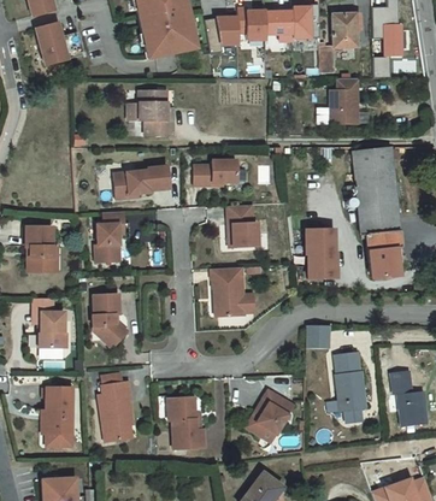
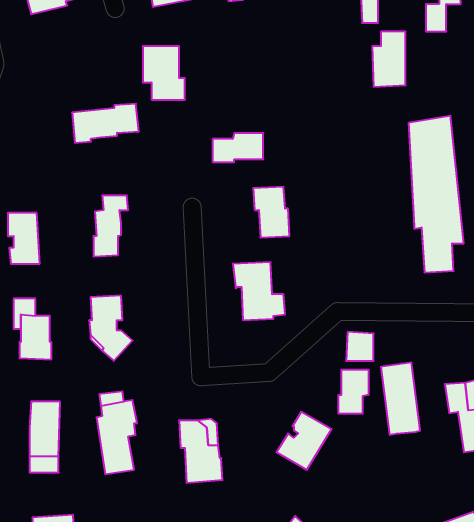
building: [114,167,170,200] -> [72,104,139,143]
building: [306,229,335,279] -> none
building: none -> [338,370,369,414]

